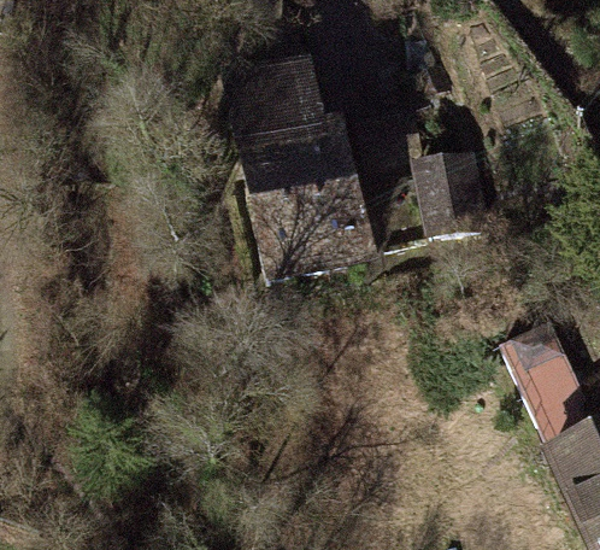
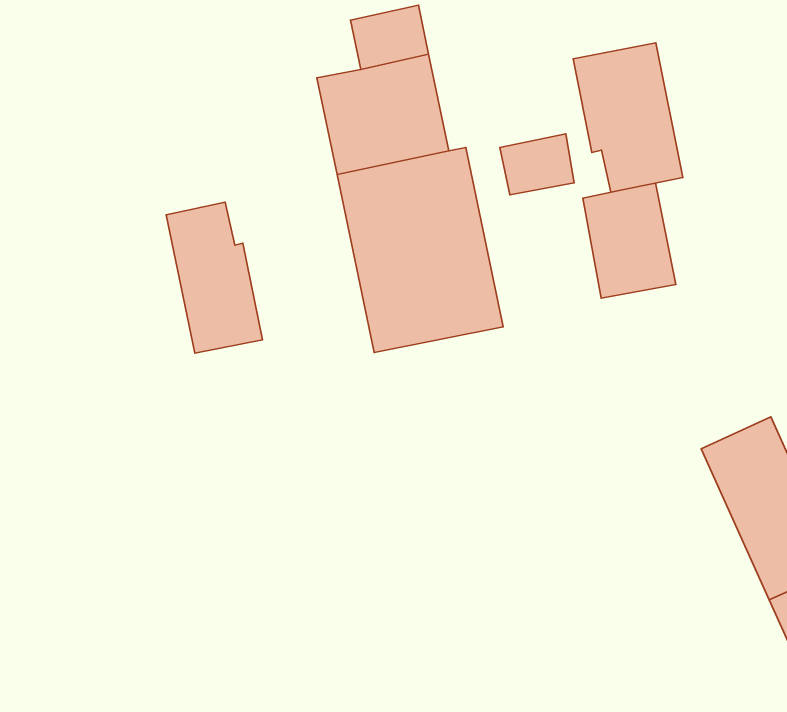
building: none -> [573,43,683,192]
building: none -> [166,202,263,353]

